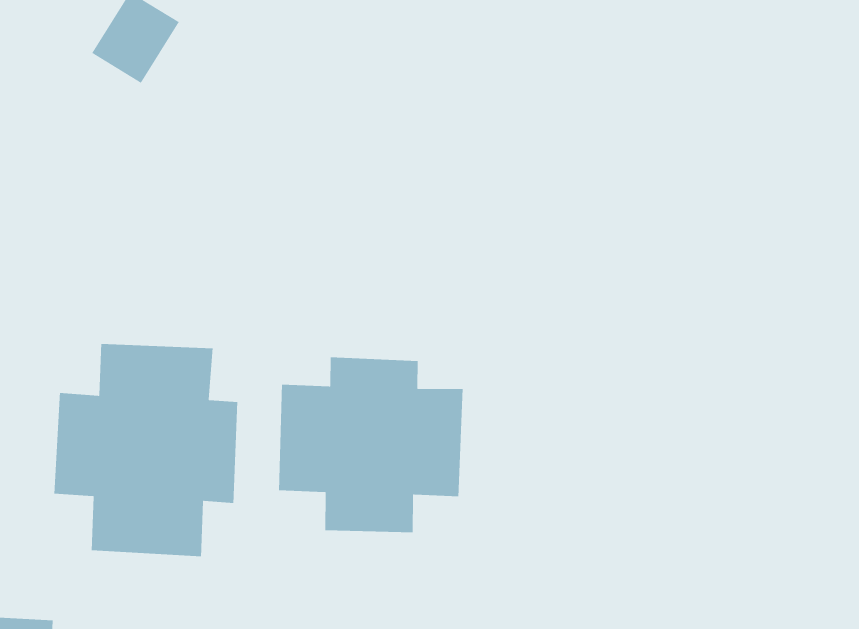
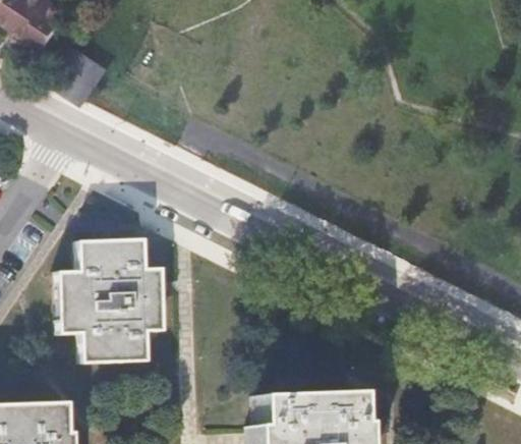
building: [278,357,464,533] -> none

